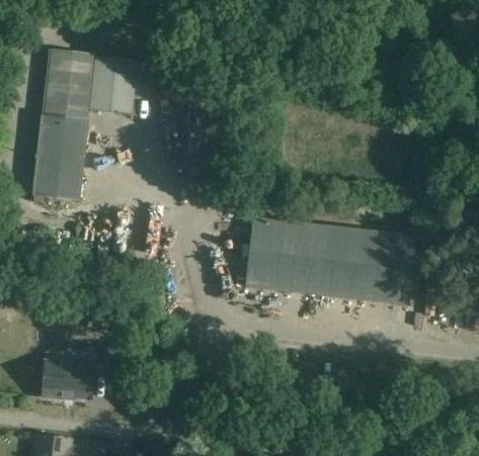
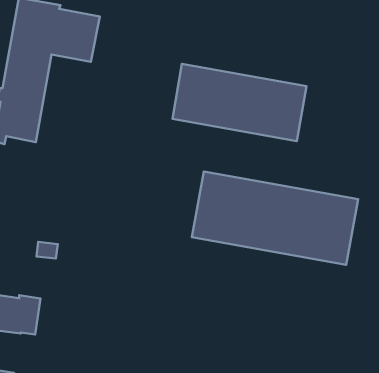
building: none -> [172,64,307,141]

